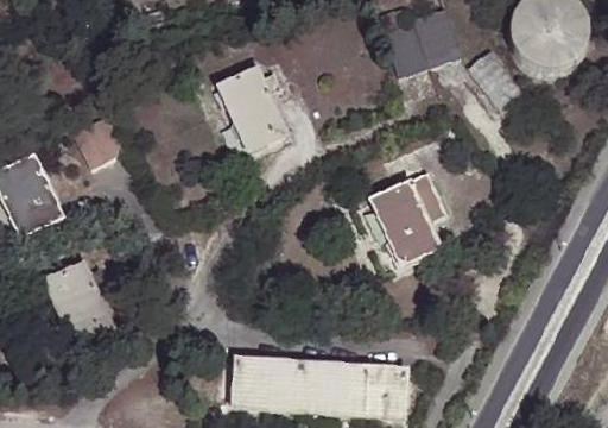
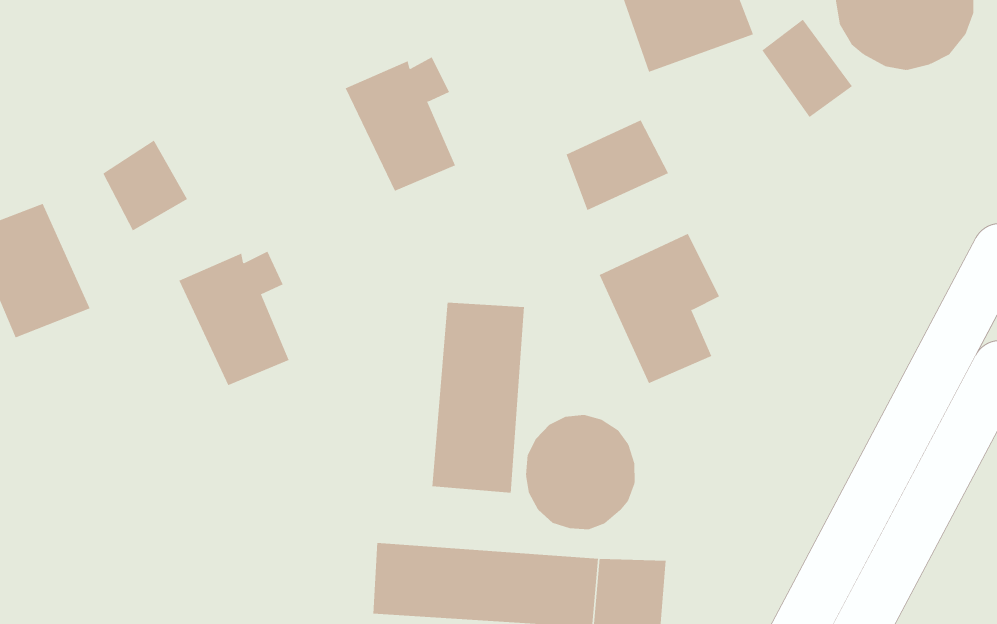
building: none -> [566,120,669,211]
building: none -> [432,302,525,493]
building: [43,259,109,340] -> [178,251,290,386]
building: none -> [526,414,635,530]

